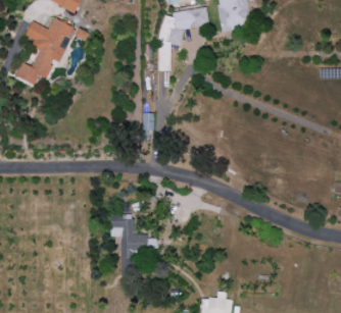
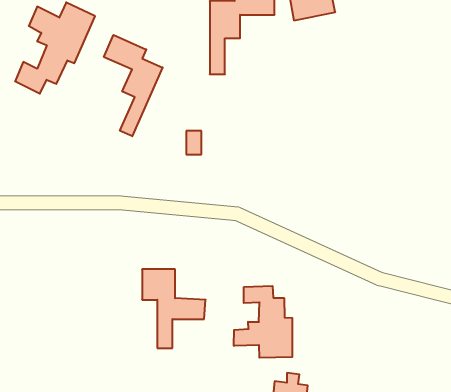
building: none -> [104,35,163,136]
building: none -> [234,286,292,358]

